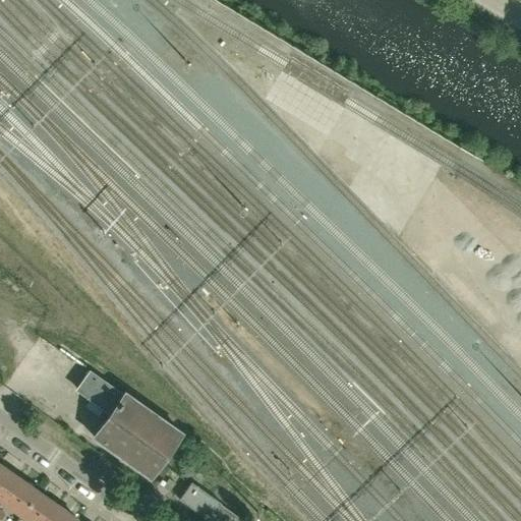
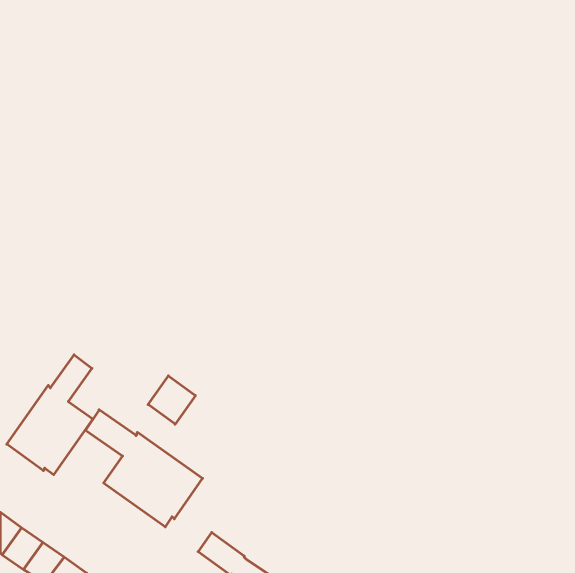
building: none -> [7,355,93,475]
building: none -> [148,376,195,424]

